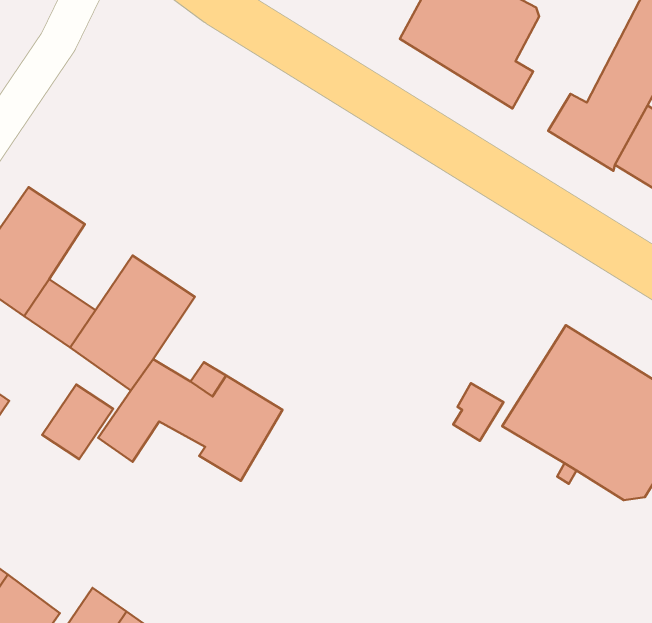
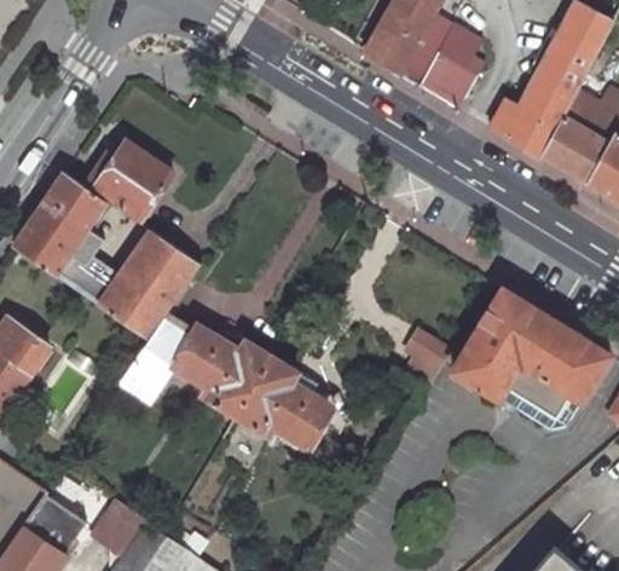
building: none -> [88,140,173,215]
building: [42,384,113,459] -> none
building: none -> [236,354,328,446]

